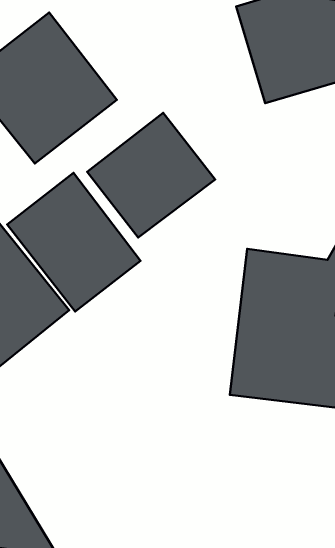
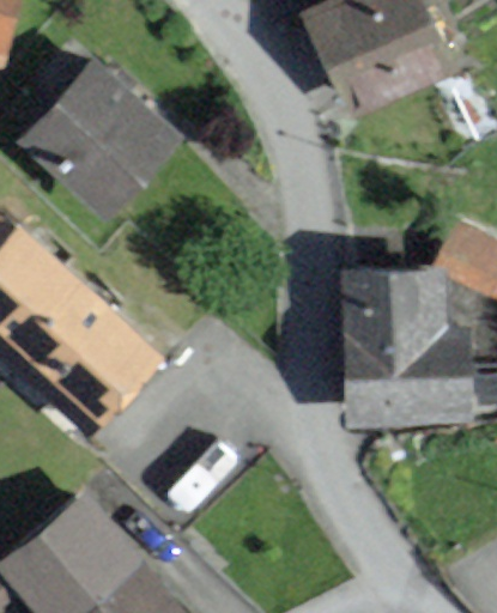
building: [87,113,215,238] -> none
building: [7,173,141,312] -> none

